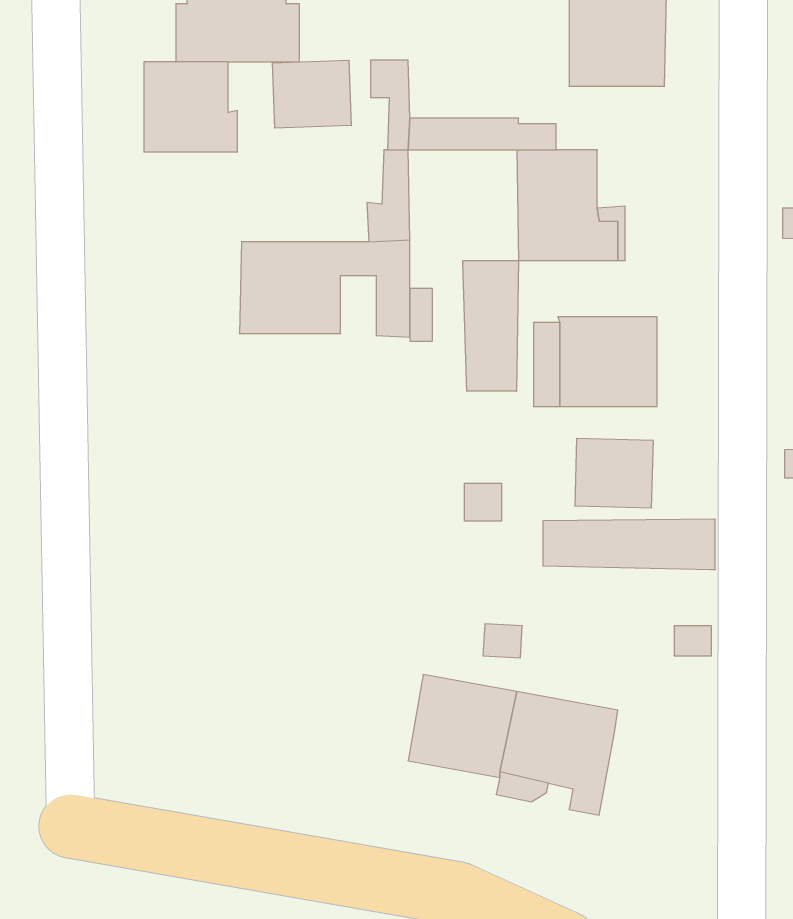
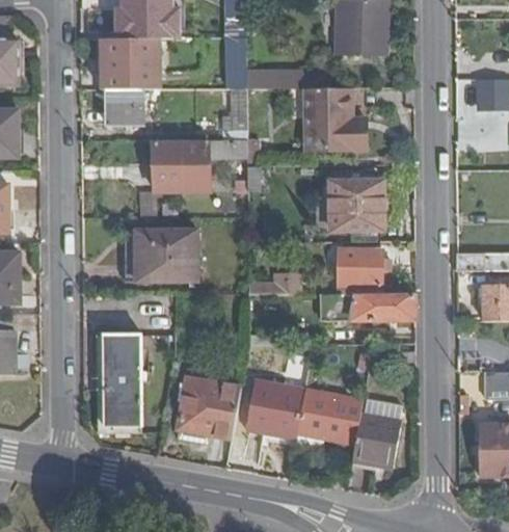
building: [272,60,351,128] -> none
building: none -> [107,89,142,123]
building: [463,261,519,391] -> none
building: none -> [126,229,196,280]
building: none -> [103,337,141,424]
building: none -> [177,376,241,437]
building: none -> [351,413,400,469]

